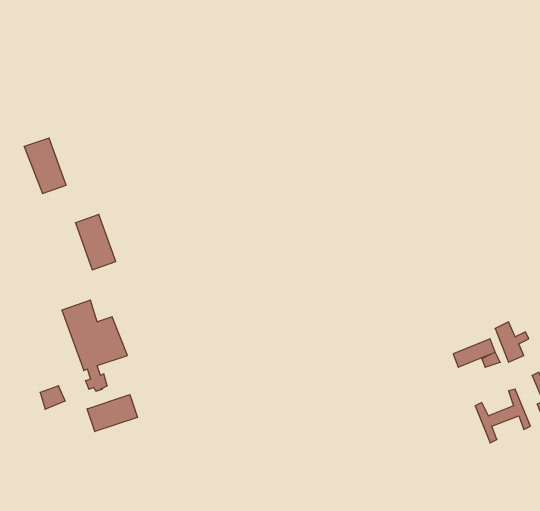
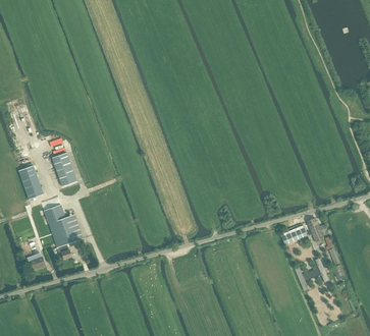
building: [24,138,66,194] -> [17,164,43,198]
building: [87,395,137,432] -> none

